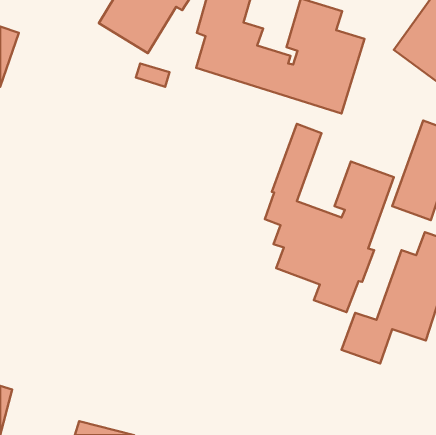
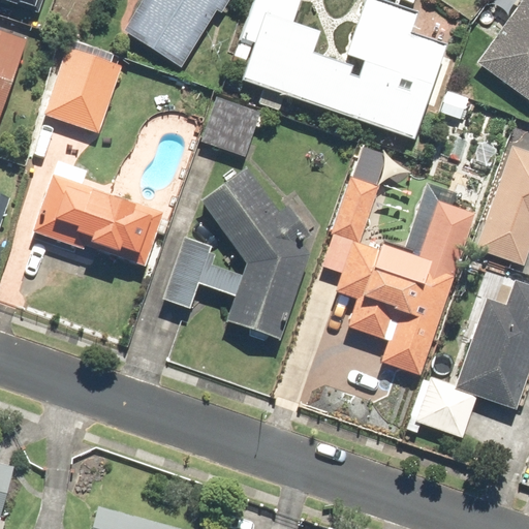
building: none -> [44,41,126,133]
building: none -> [200,94,262,156]
building: none -> [166,168,309,338]
building: none -> [34,179,160,263]

